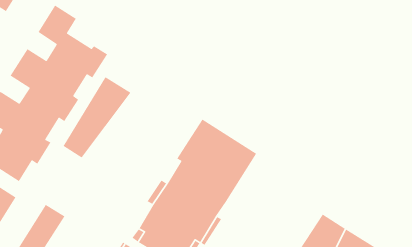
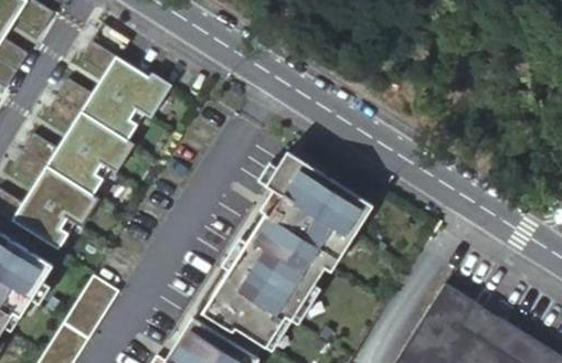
building: [62,76,131,159] -> none
building: none -> [264,157,369,275]

